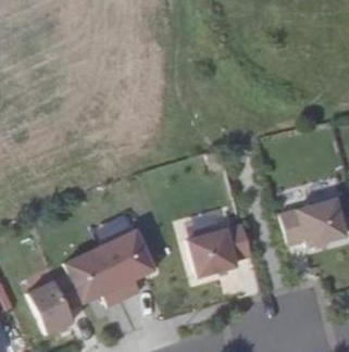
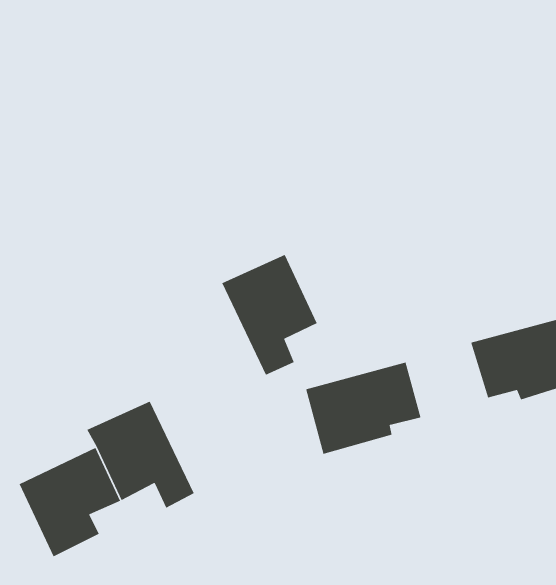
building: [101,230,155,299] -> [221,254,318,376]

